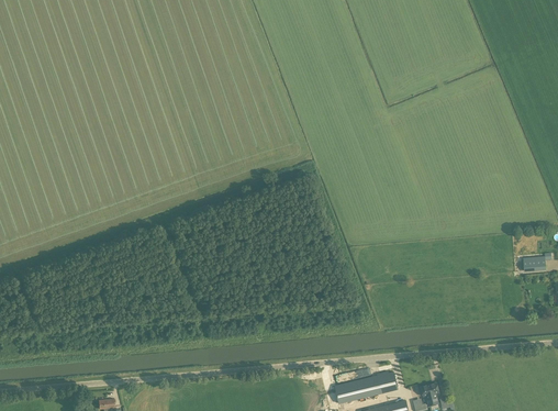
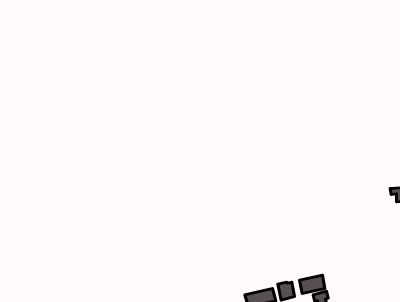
building: none -> [300,275,325,294]

